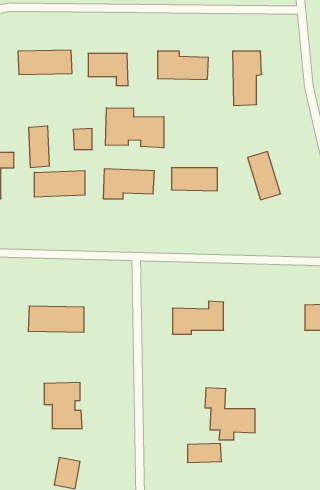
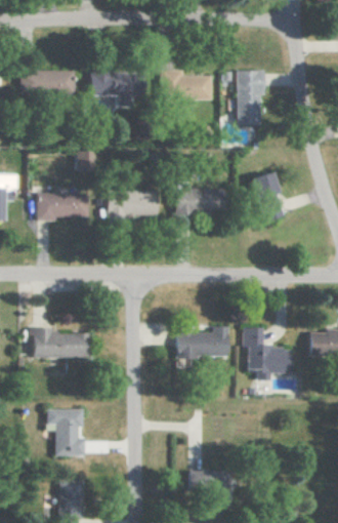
building: [105,108,164,148] -> none
building: [29,126,49,168] -> none
building: [205,388,255,440] -> [245,326,296,379]

